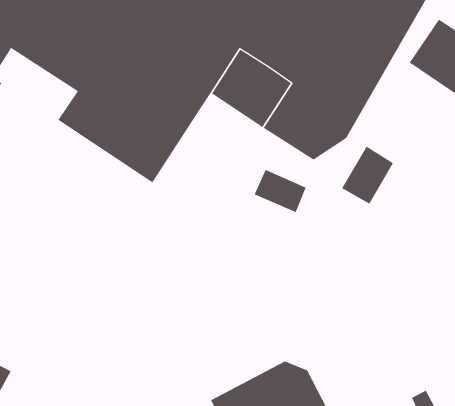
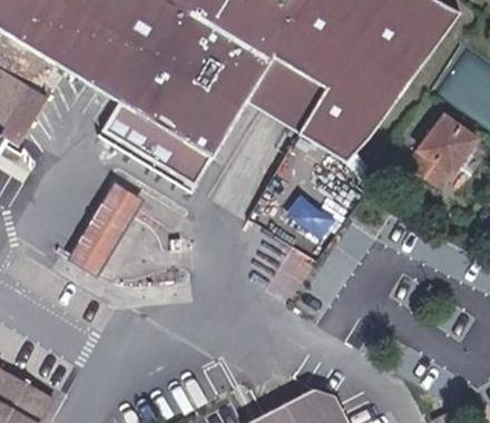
building: [341,146,394,204] -> [410,115,461,171]
building: none -> [77,193,137,267]

